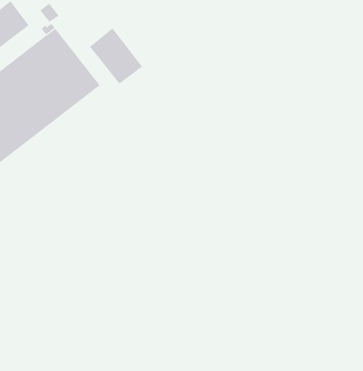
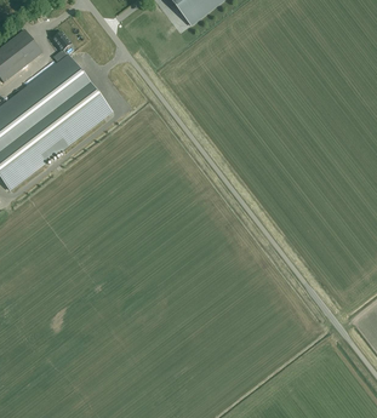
building: [89,28,143,84] -> none

